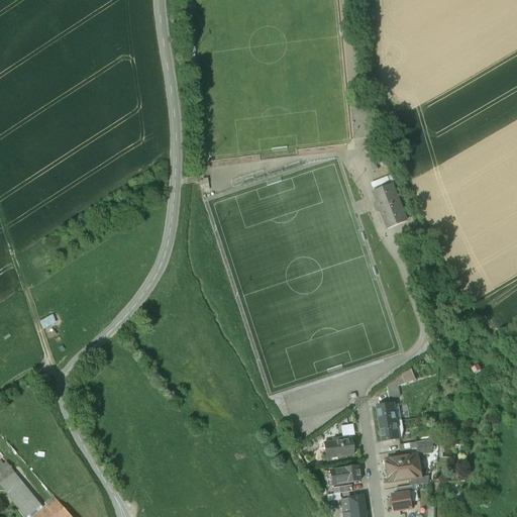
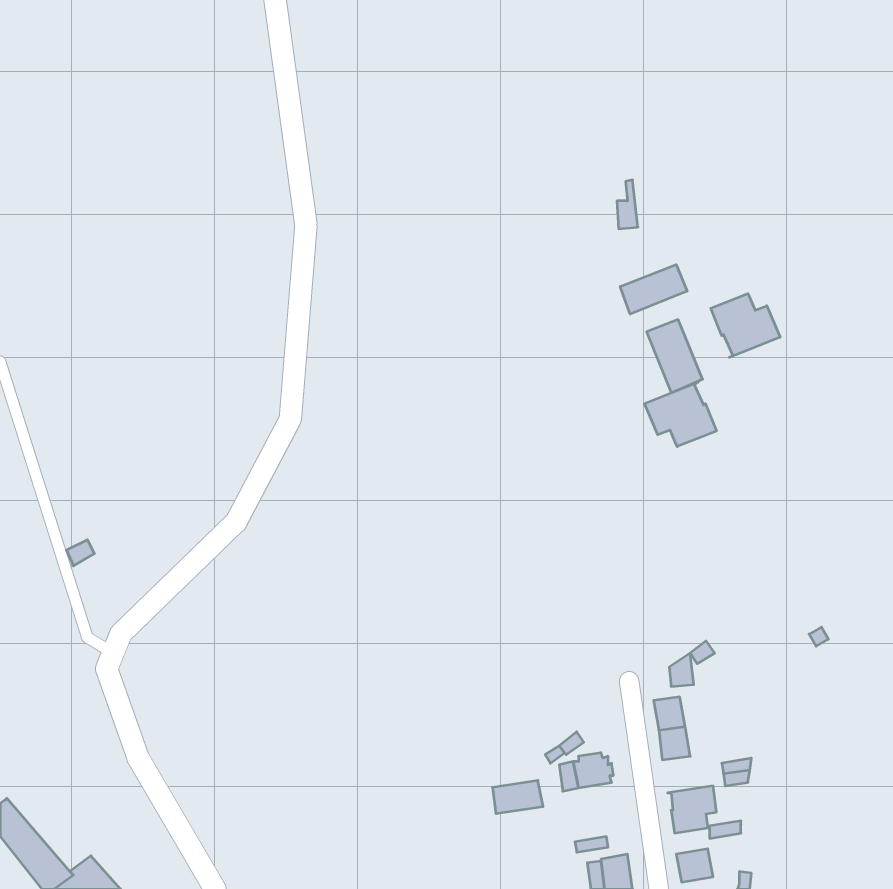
building: none -> [620,265,687,314]
building: none -> [711,294,780,357]
building: none -> [645,382,716,447]
building: [330,464,359,484] -> [492,780,543,814]

